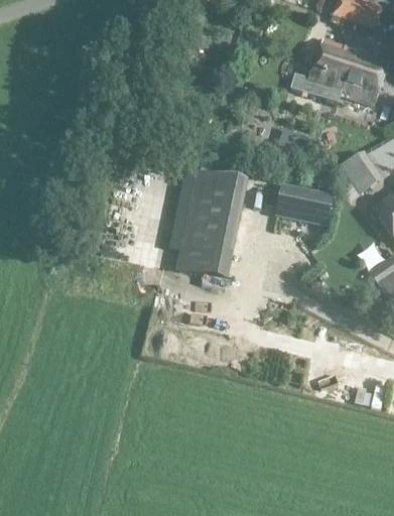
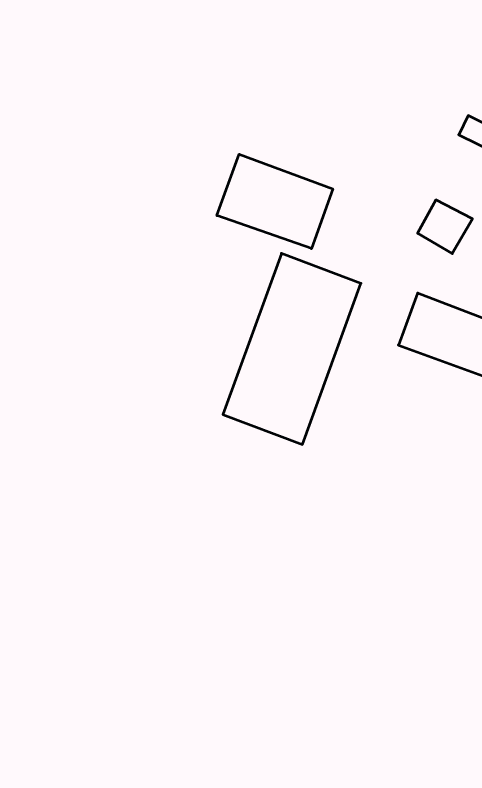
building: none -> [217,154,333,249]

